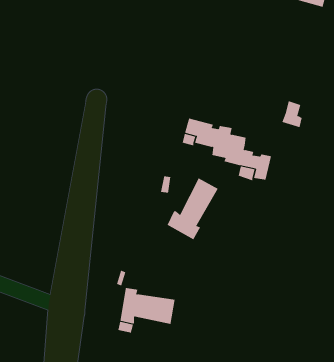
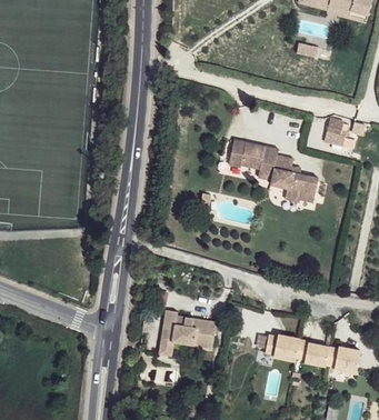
building: [167,178,219,240] -> none
building: none -> [265,337,359,364]

